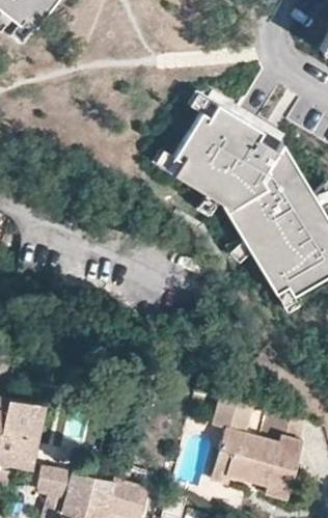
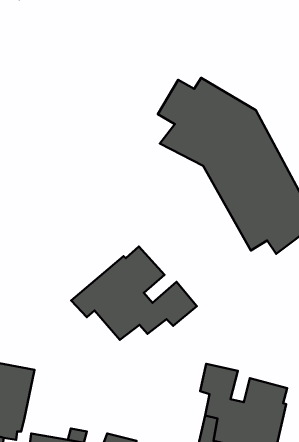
building: none -> [71,247,197,340]

